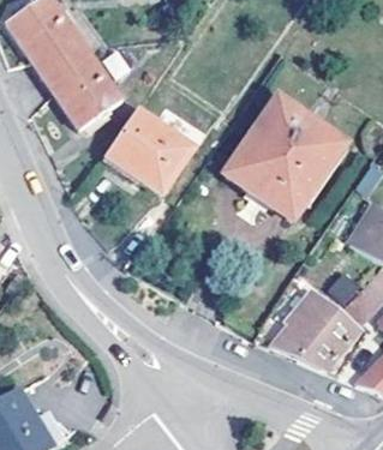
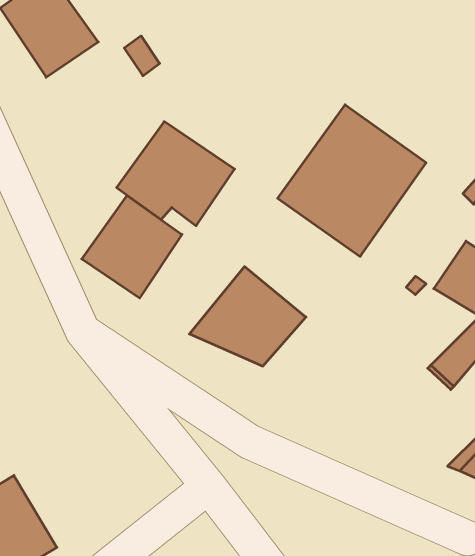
building: [46,47,120,125] -> none
building: none -> [82,196,182,298]
building: [269,287,360,365] -> [189,267,306,366]

